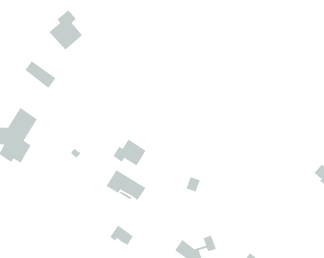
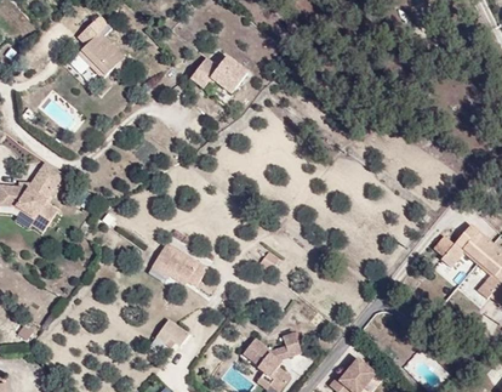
building: none -> [193,51,250,91]
building: [113,138,147,166] -> none

